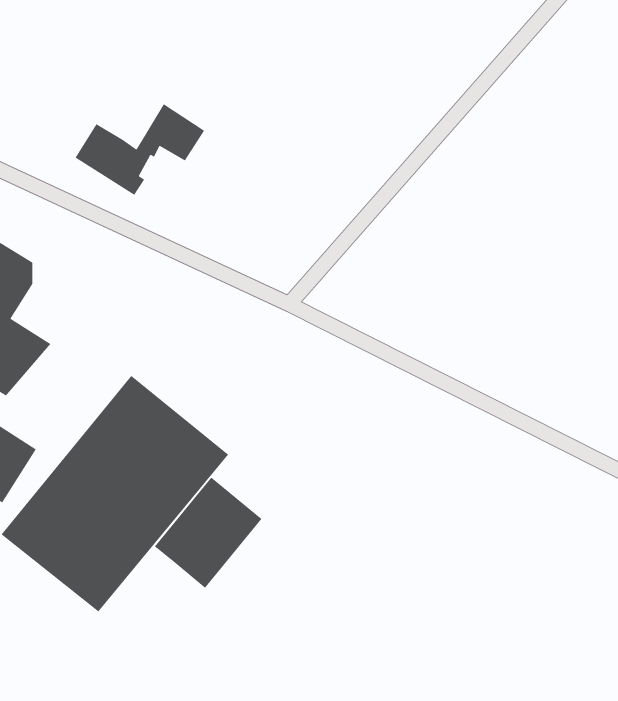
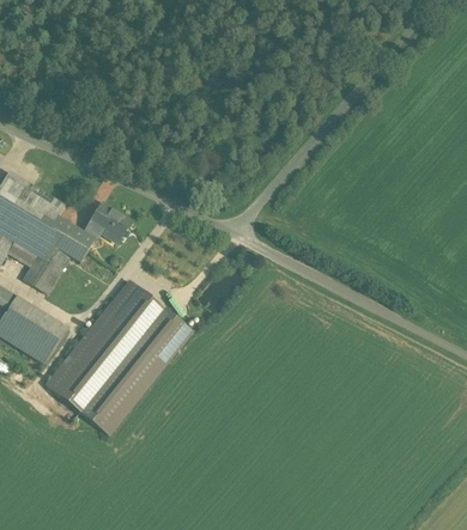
building: [75,103,205,196] -> [48,206,134,267]
building: [154,476,263,589] -> none

